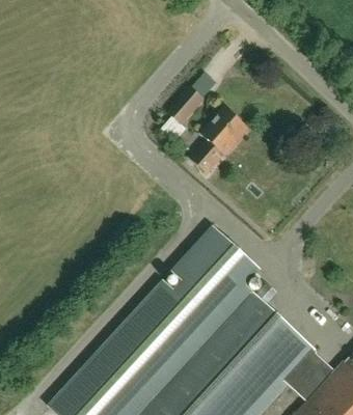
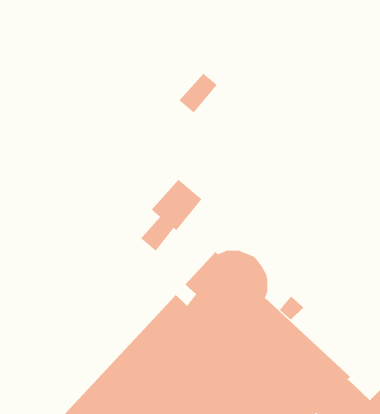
building: [192,110,246,173] -> [140,179,202,252]

